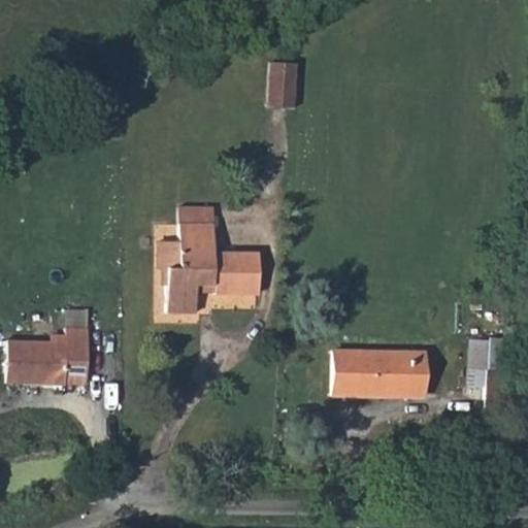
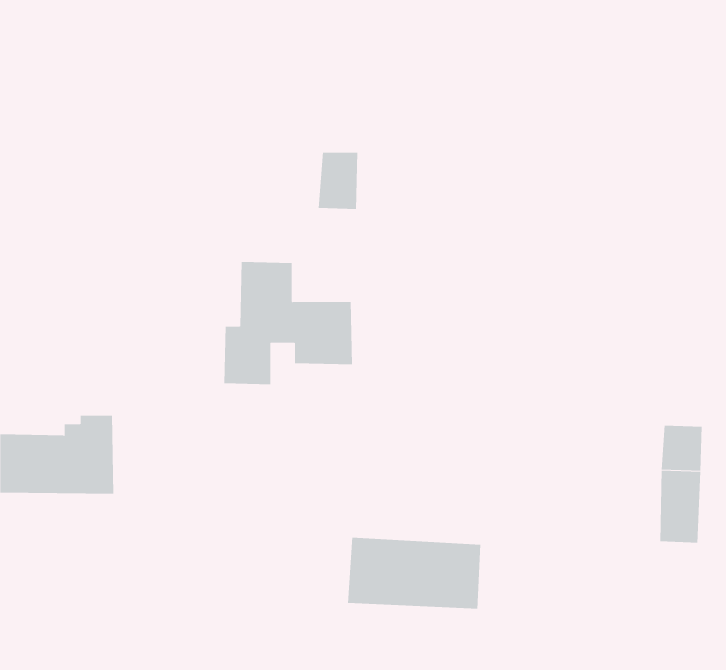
building: [262,68,291,109] -> [318,152,358,210]
building: [332,344,428,396] -> [347,537,481,609]

